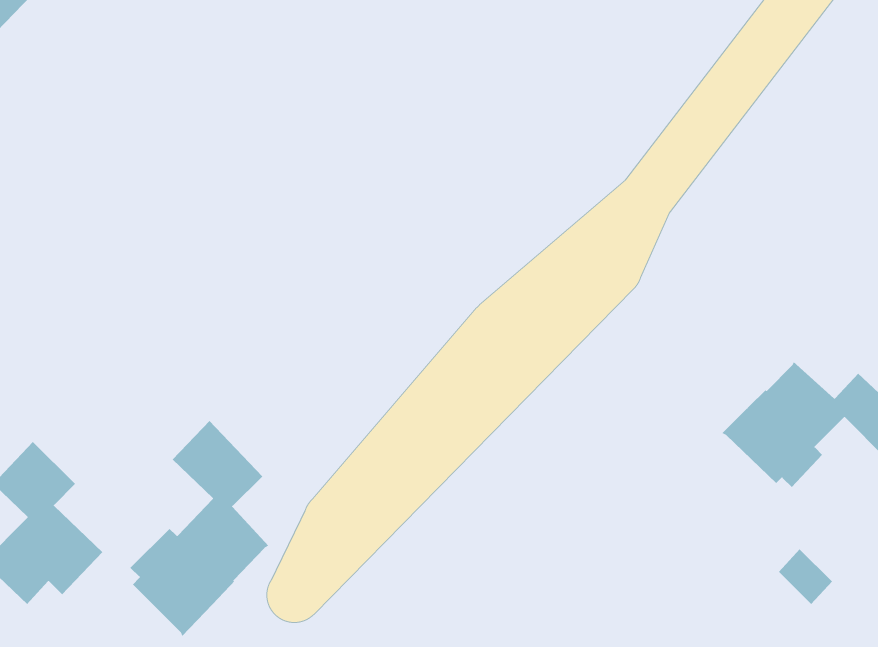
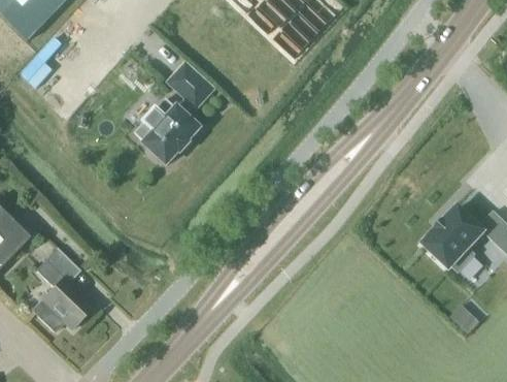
building: none -> [137,62,212,162]
building: [130,420,269,637] -> none

